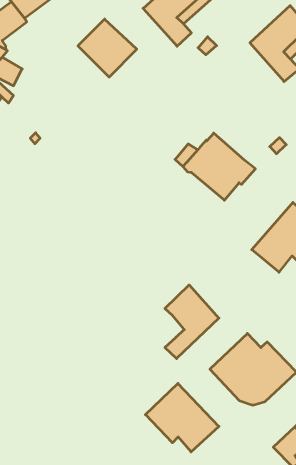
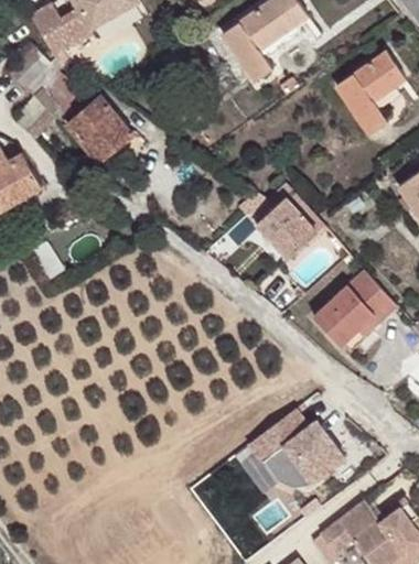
building: [78,19,137,77] -> [66,97,131,162]
building: [165,285,219,359] -> none
building: [145,383,219,452] -> none

